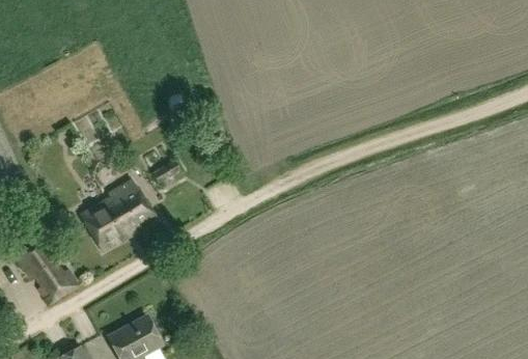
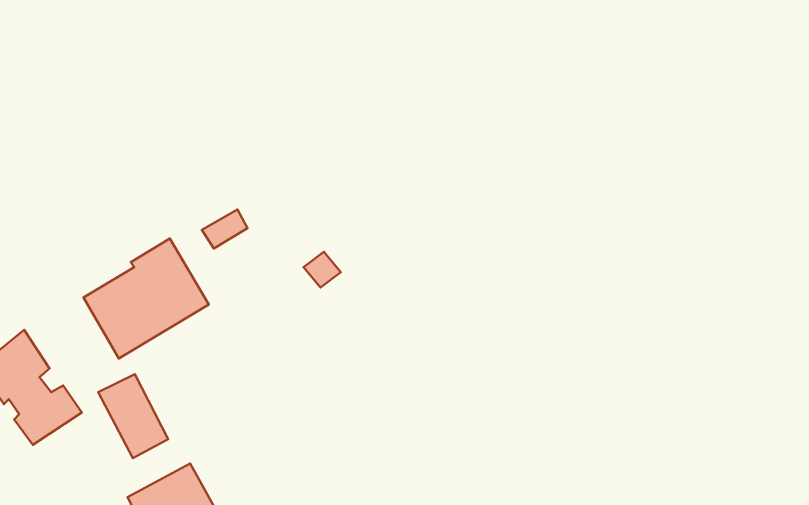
building: none -> [98,374,168,458]

